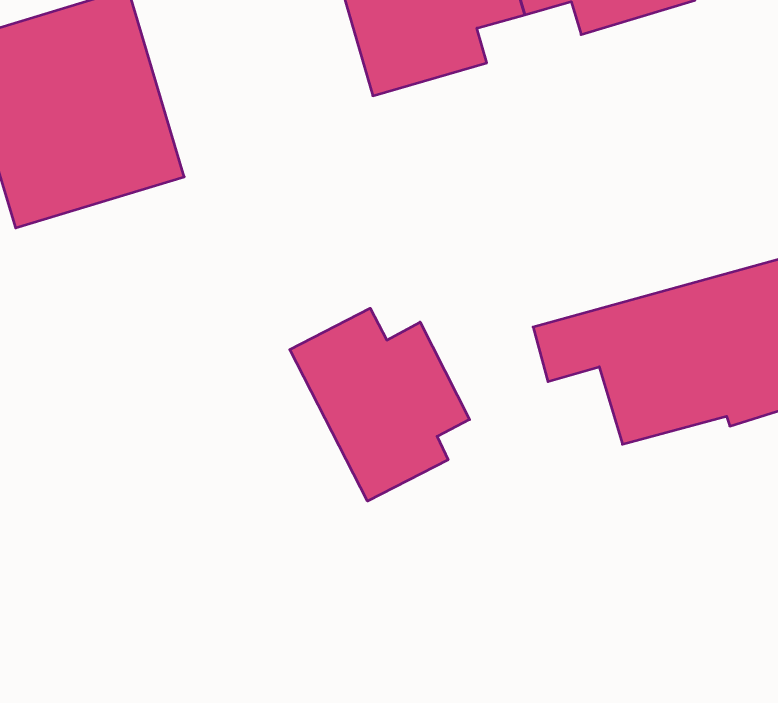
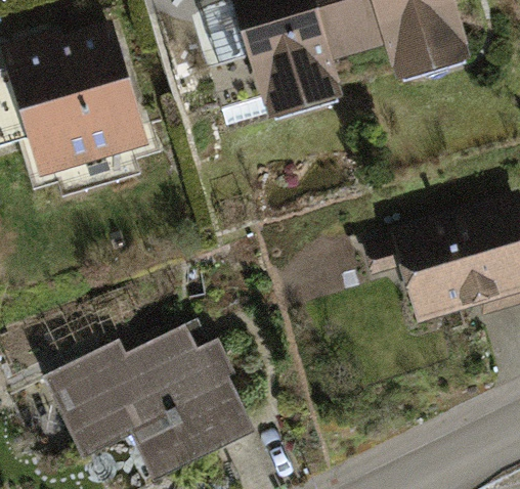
building: [290,308,470,501] -> none
building: none -> [56,327,255,464]

